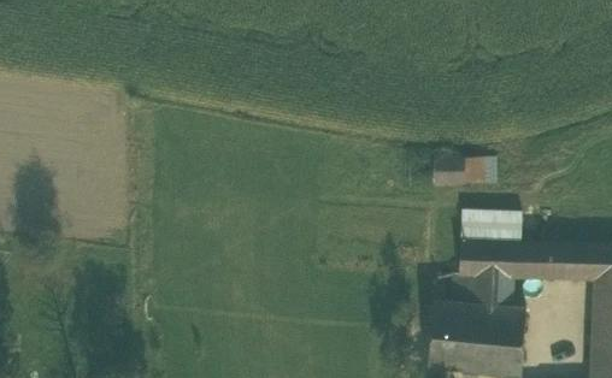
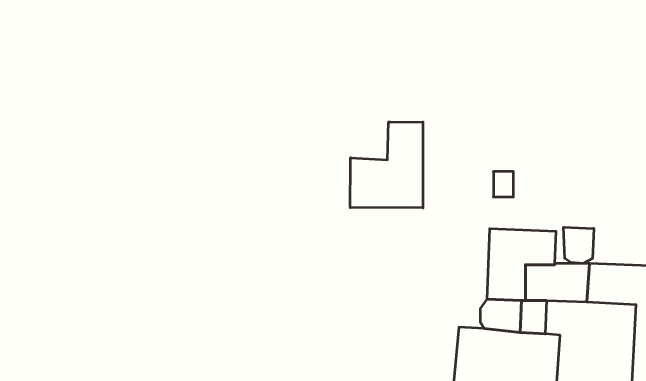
building: none -> [350,122,423,208]
building: [434,158,466,181] -> none
building: none -> [564,227,594,263]

